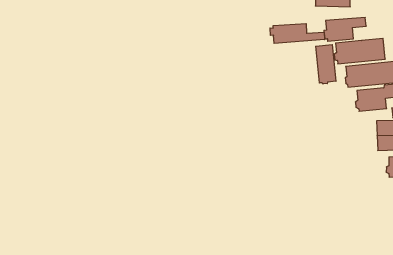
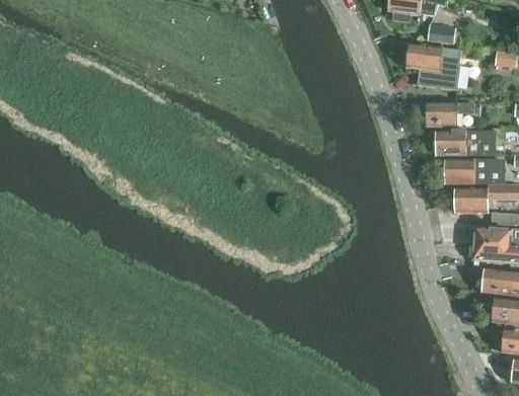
building: [270,24,324,43] -> none
building: [316,45,336,84] -> none

